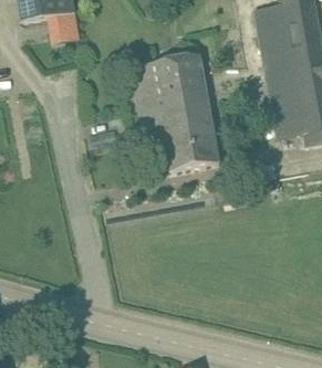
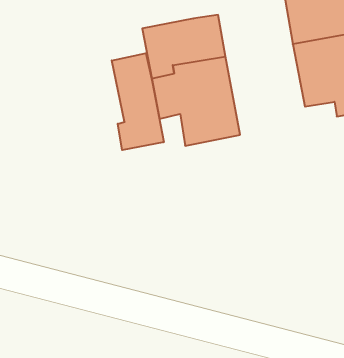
building: none -> [112,53,164,150]

